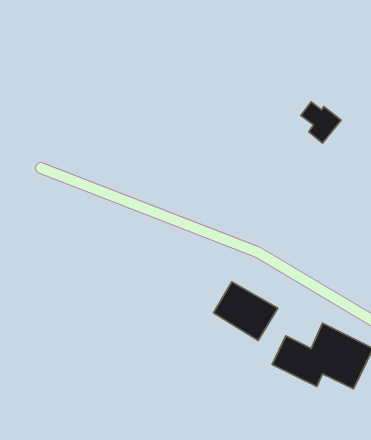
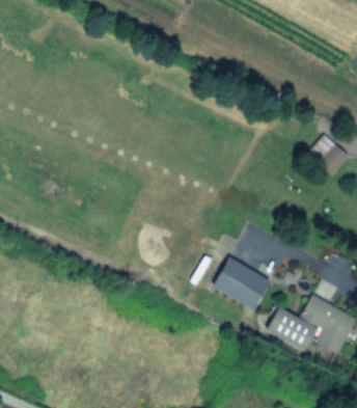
building: [301,102,341,143] -> [312,138,349,175]

